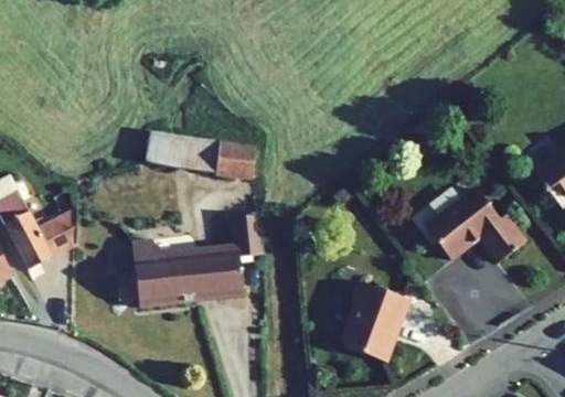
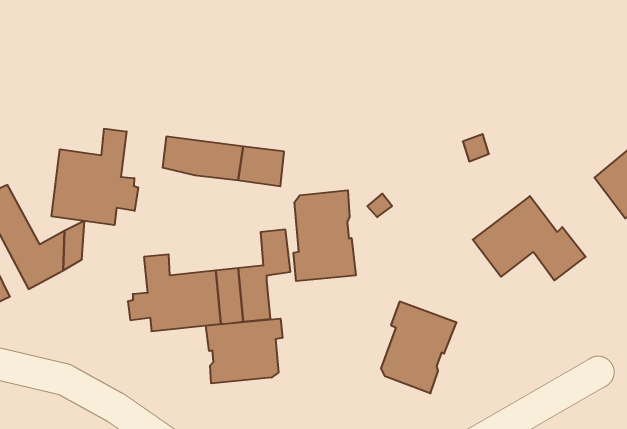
building: none -> [52,129,138,225]
building: none -> [294,190,356,281]
building: none -> [206,319,282,383]

